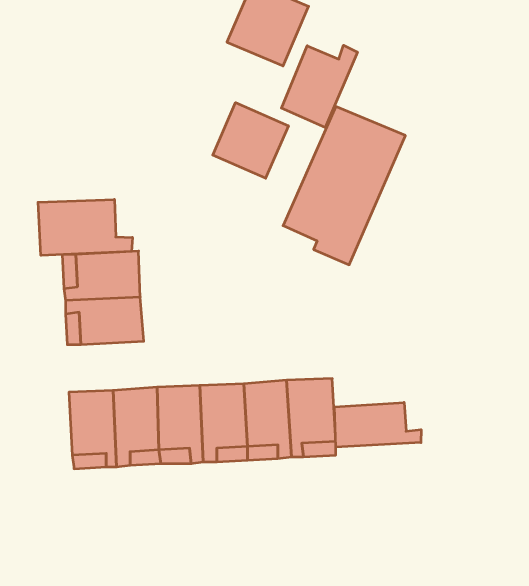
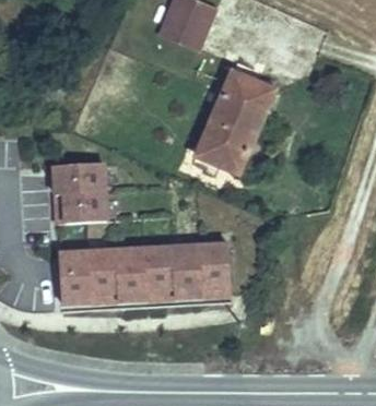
building: [281,45,357,127] -> none
building: [213,103,288,178] -> none
building: [38,199,132,255] -> none
building: [334,402,421,447] -> none

